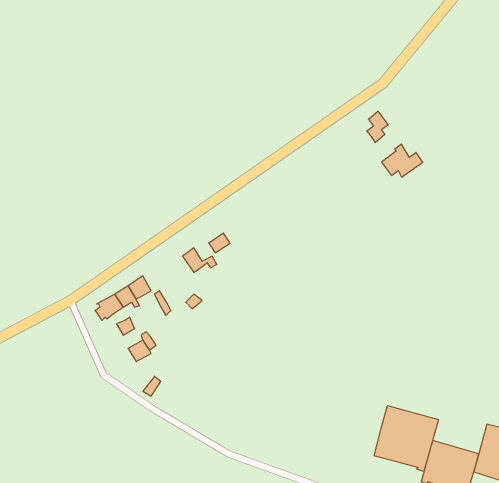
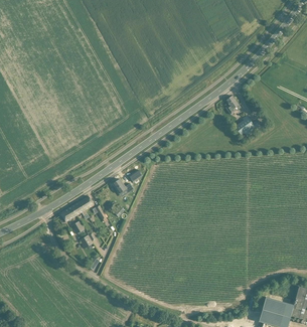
building: [374,406,439,472] -> none

